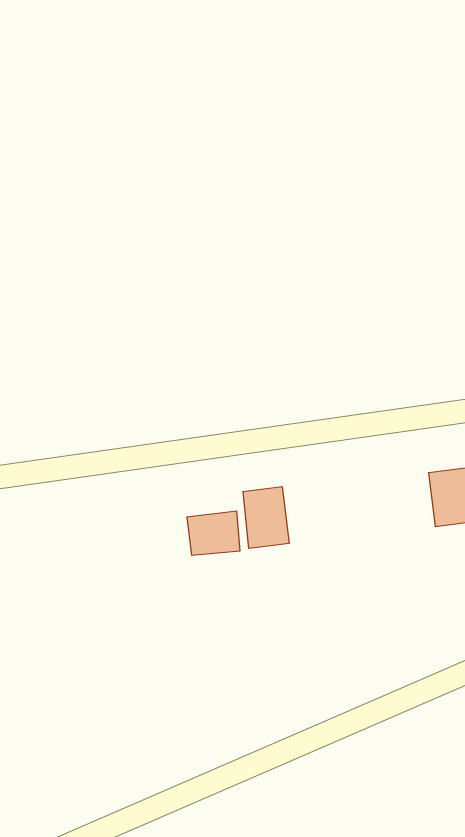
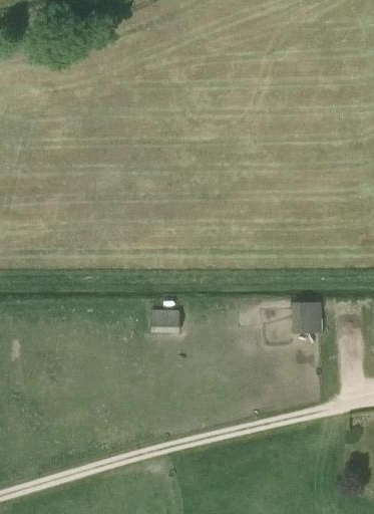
building: [243,487,289,548] -> none

